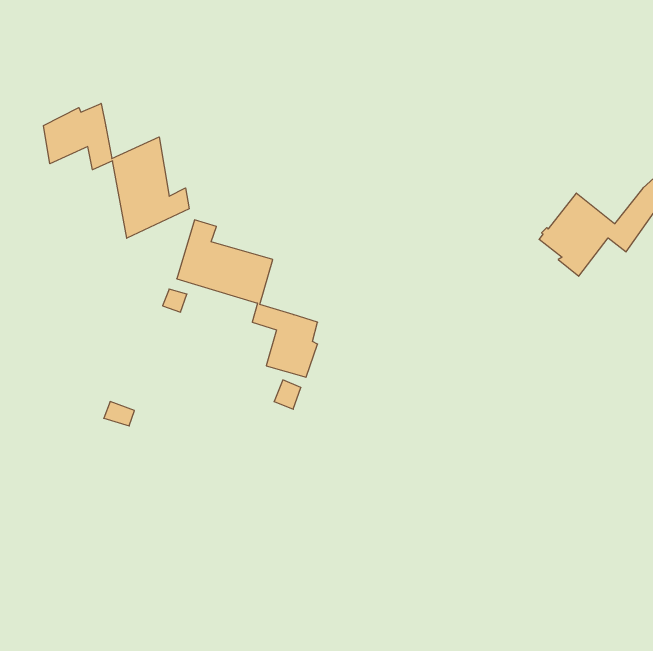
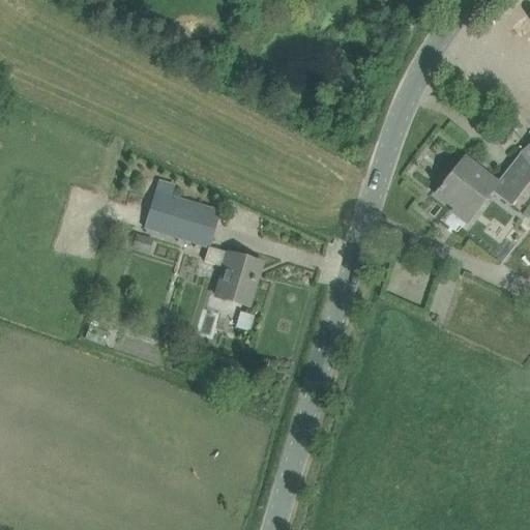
building: [43,103,189,238] -> none

